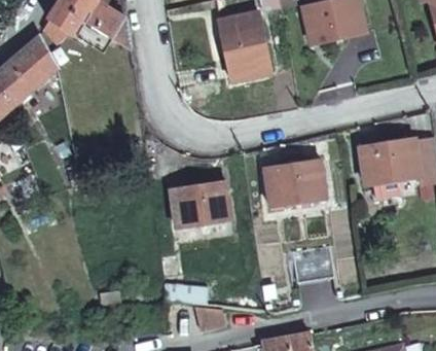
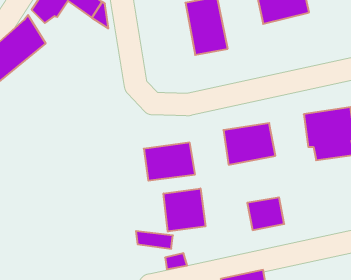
building: none -> [164,188,205,232]

